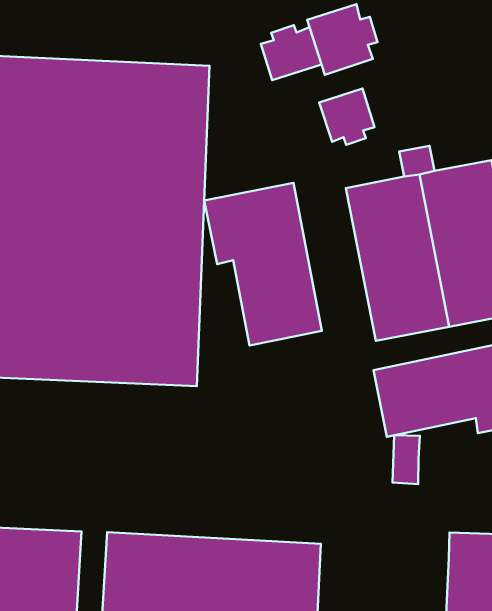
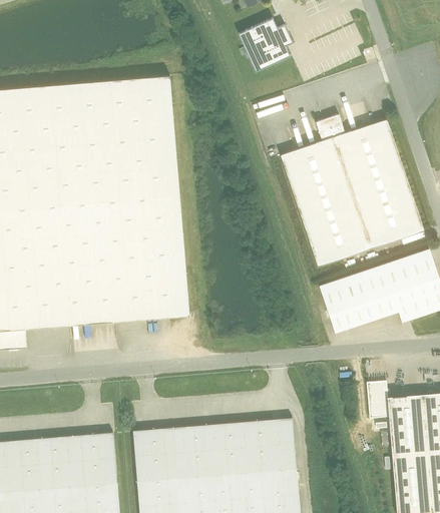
building: [261,25,322,80] -> none
building: [319,89,374,145] -> none
building: [204,183,322,345] -> none
building: [393,435,420,484] -> [369,383,391,420]

